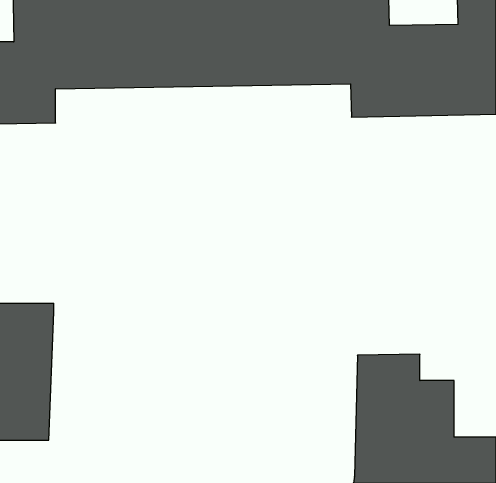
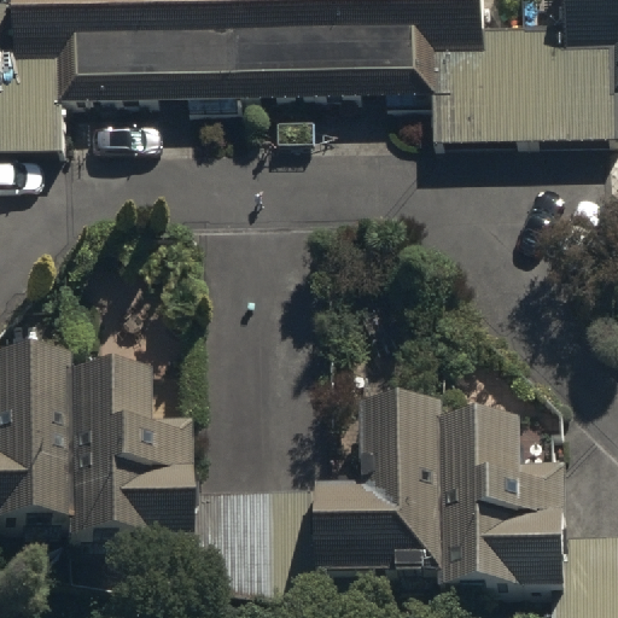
building: none -> [60,386,187,561]
building: none -> [315,420,442,589]

